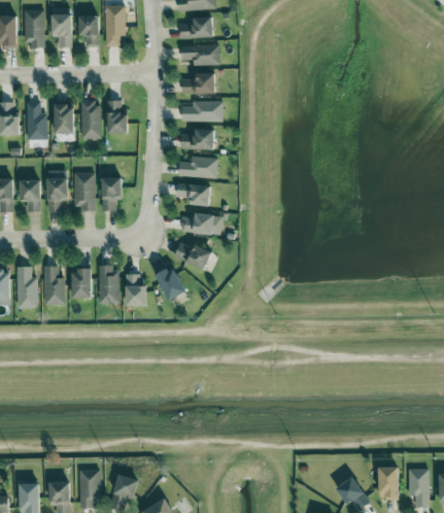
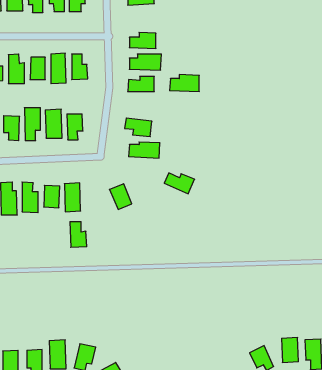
building: [181,45,219,66] -> none
building: [179,157,217,178] -> [170,75,199,91]
building: [174,244,213,271] -> [164,173,195,194]
building: [126,274,147,307] -> [70,222,87,247]

